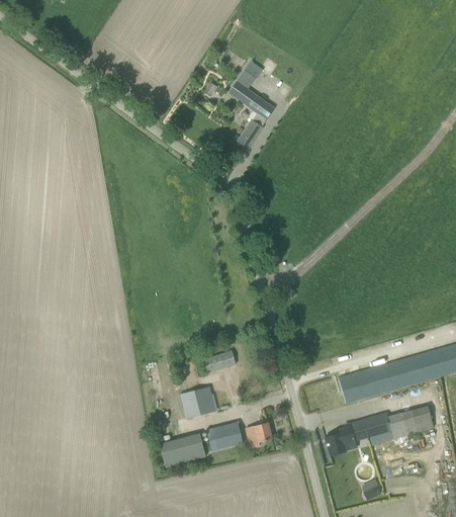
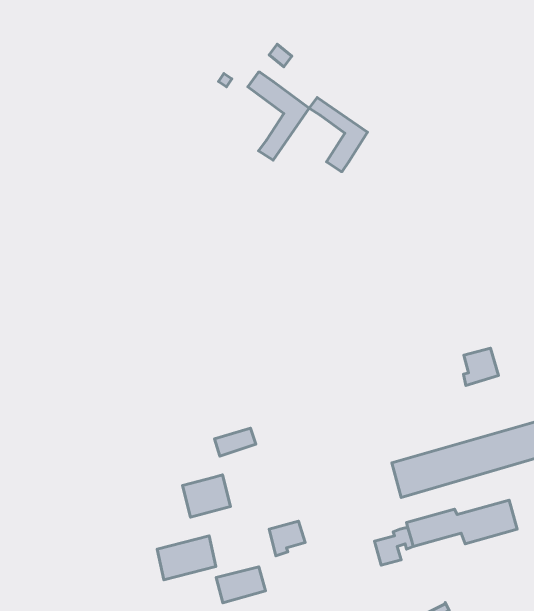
building: none -> [309,98,367,172]
building: none -> [463,348,499,386]
building: [206,423,244,450] -> [216,567,265,603]

